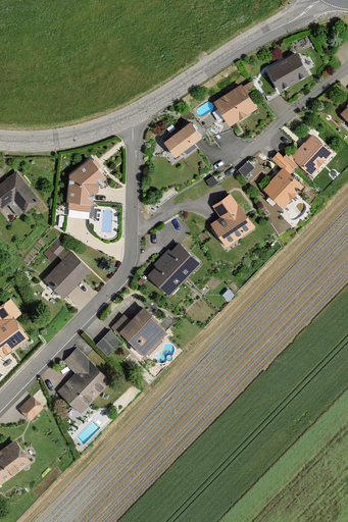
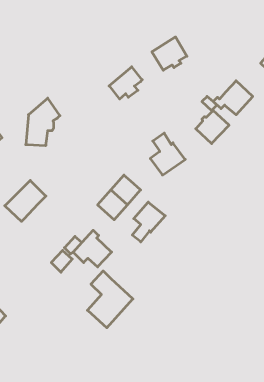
building: [265,55,306,91] -> none
building: none -> [132,202,165,242]
building: [58,348,111,414] -> [87,271,133,328]

